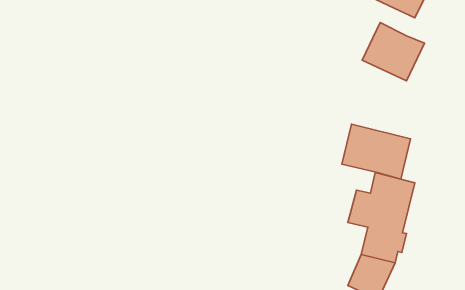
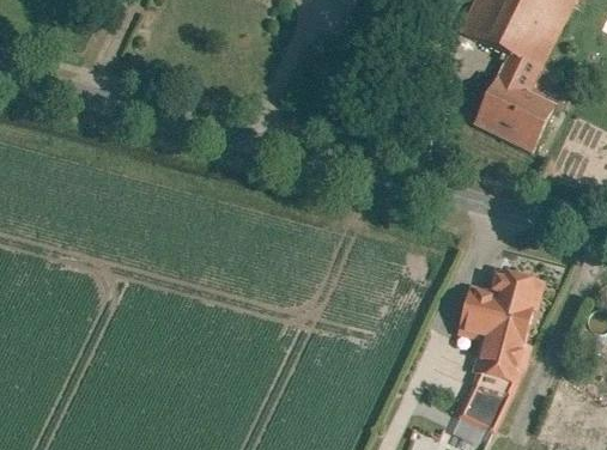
building: none -> [498,51,542,90]
building: [342,124,410,179] -> none

